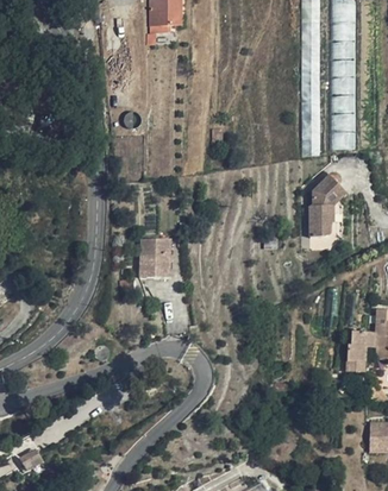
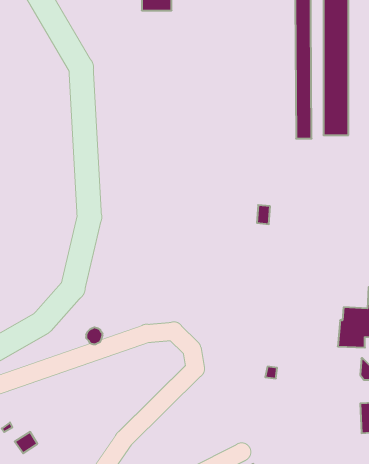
building: [309,174,345,235] -> none
building: [138,239,170,278] -> none

